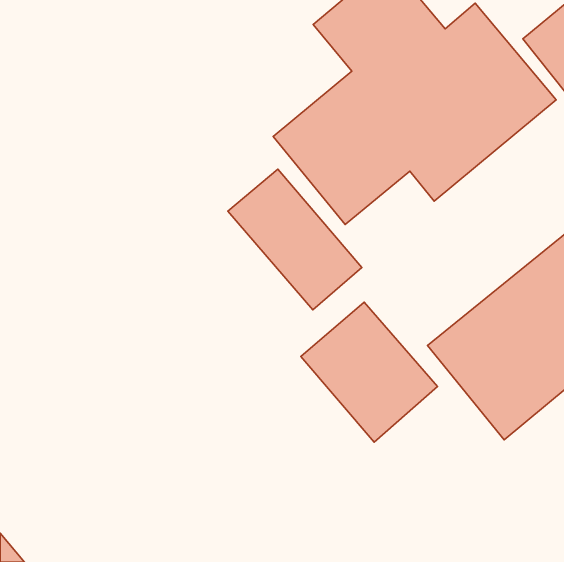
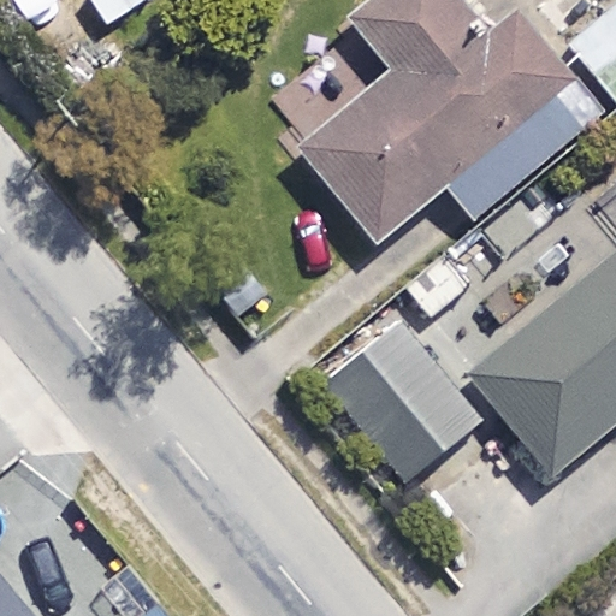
building: [228,169,362,310] -> none

